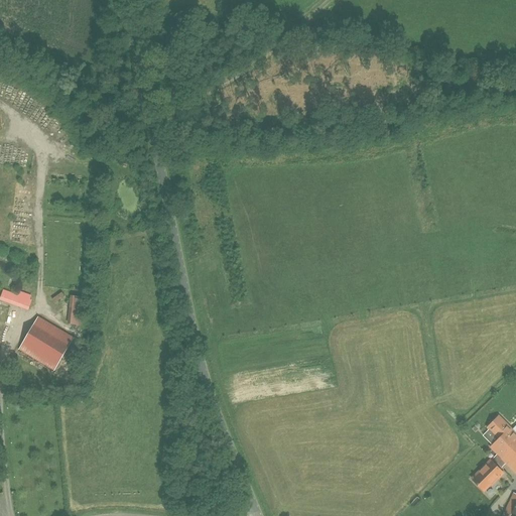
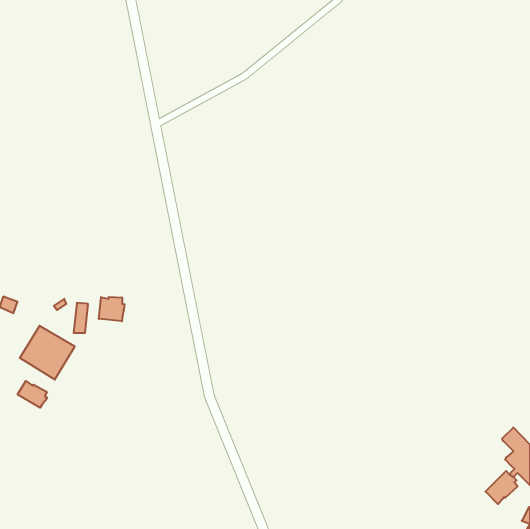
building: none -> [99,297,124,321]
building: none -> [18,381,47,408]

